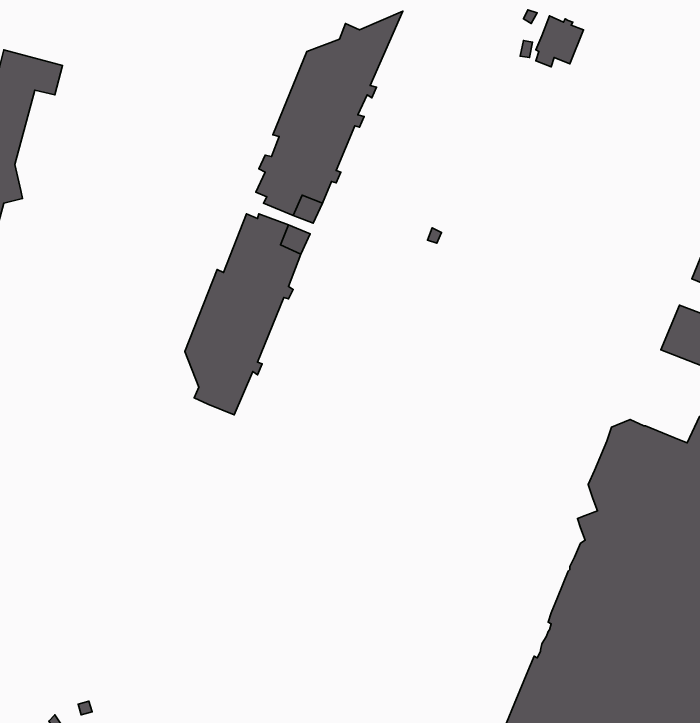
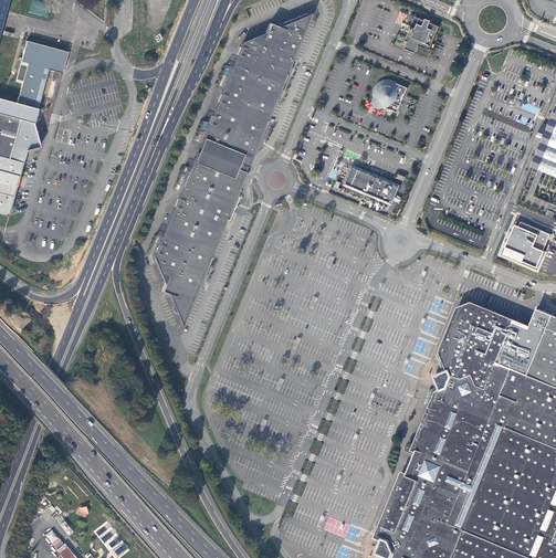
building: none -> [374,80,408,112]
building: none -> [353,169,398,202]

